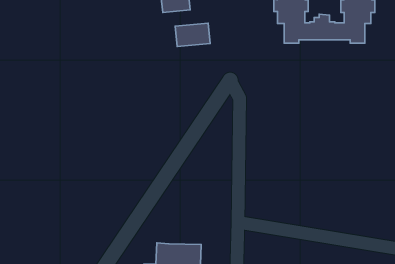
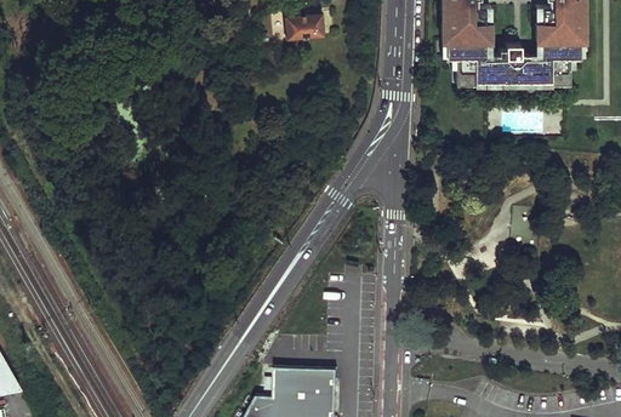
building: [175,23,210,47] -> none

